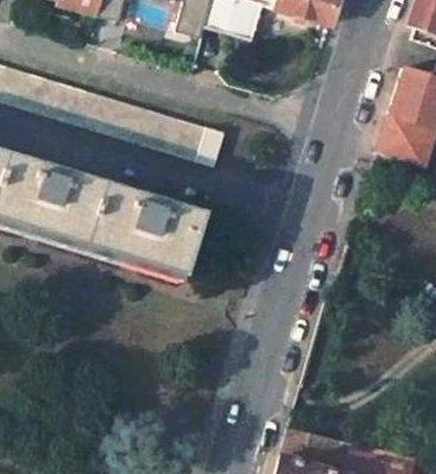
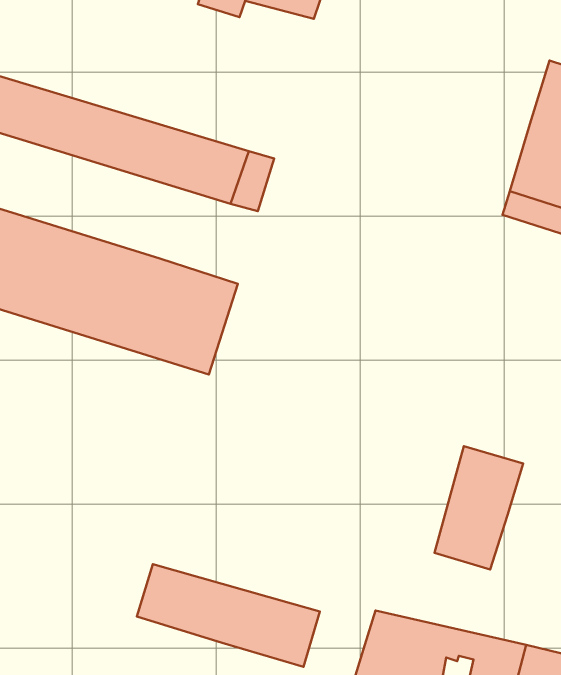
building: none -> [434,446,523,570]
building: none -> [137,564,320,667]

